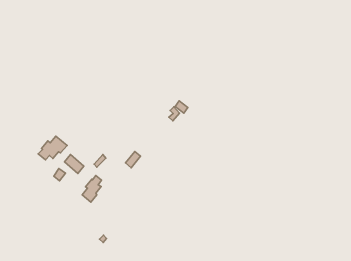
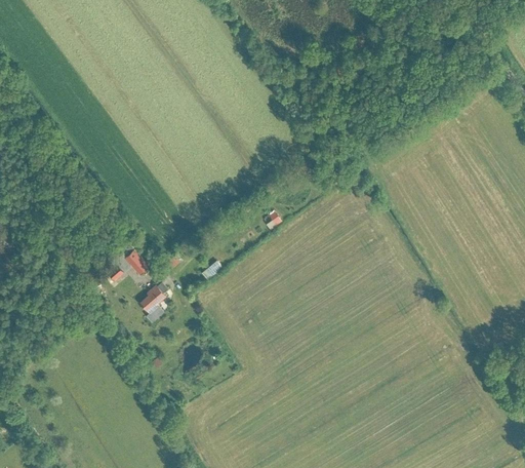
building: [38,136,67,160] -> none

